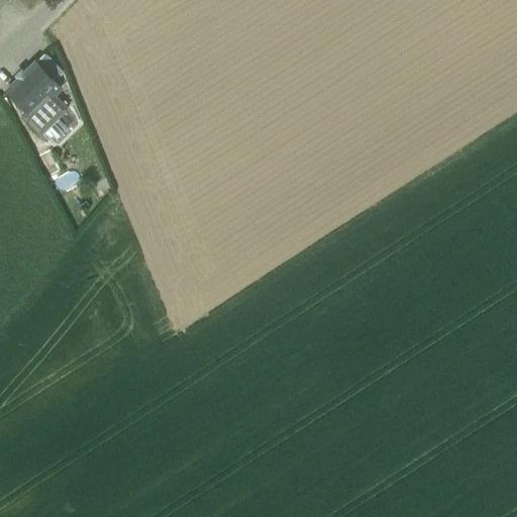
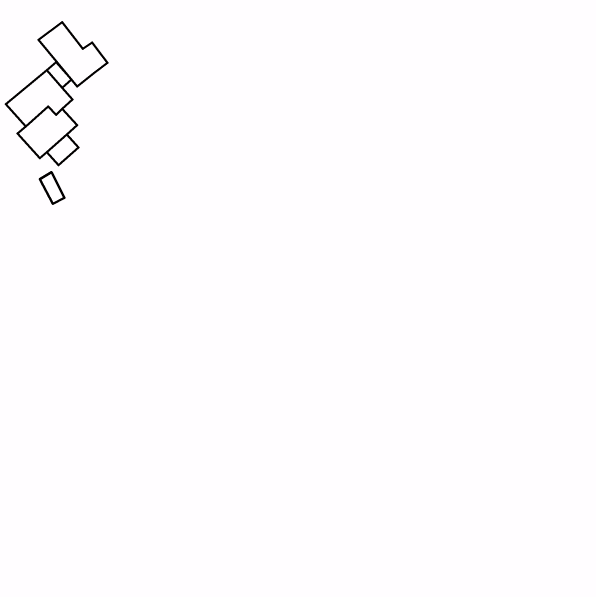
building: none -> [39,22,107,86]

